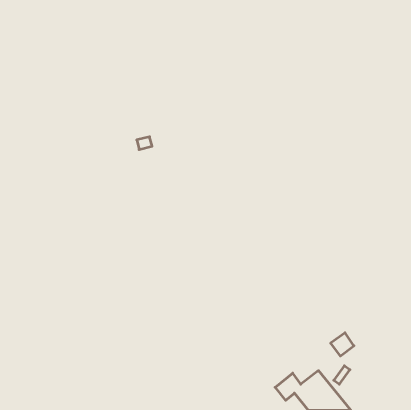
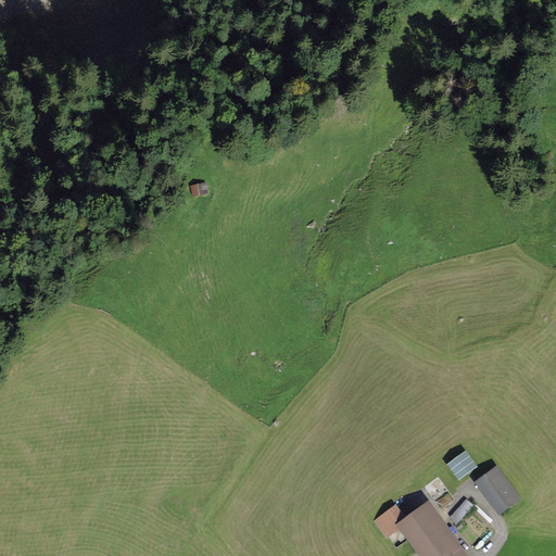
building: none -> [475,467,520,515]

